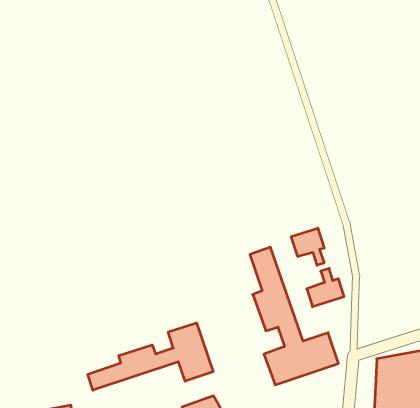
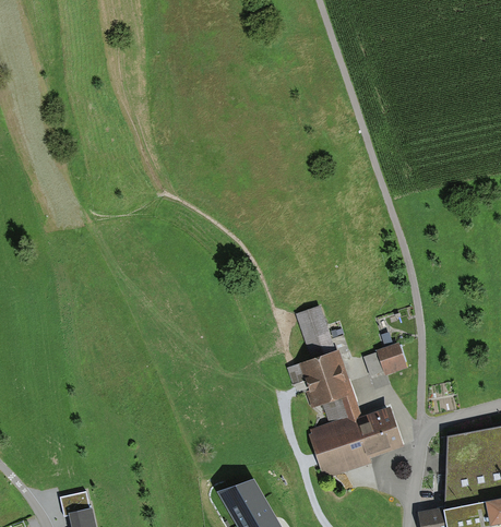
building: [291,228,324,265] -> none
building: [88,323,213,390] -> none

